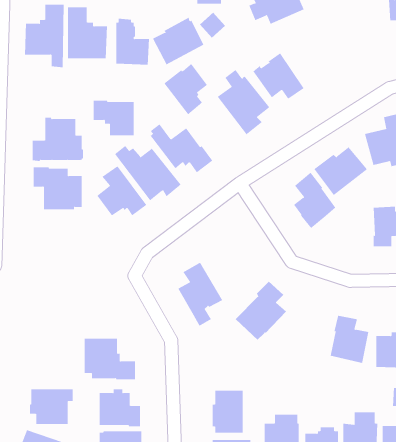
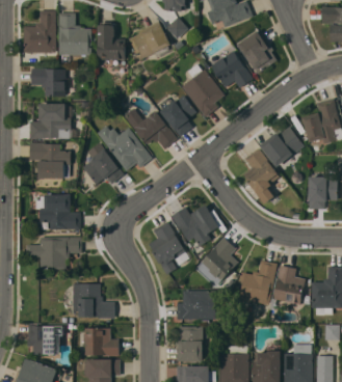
building: none -> [238,30,277,74]
building: [164,63,208,115] -> [160,94,196,137]
building: [93,100,135,136] -> [31,67,65,97]
building: none -> [35,193,81,229]
building: none -> [170,204,227,246]
building: none -> [26,237,81,269]
building: none -> [237,260,277,304]
building: none -> [177,290,215,319]

